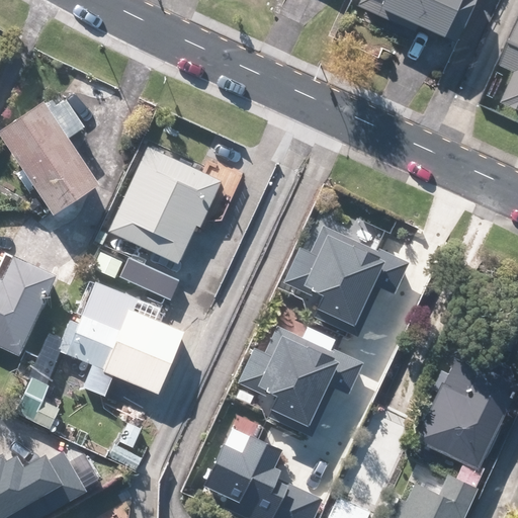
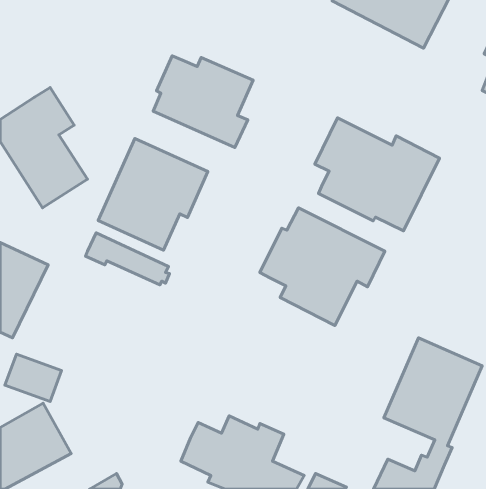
building: none -> [153,56,253,148]
building: none -> [315,118,440,231]
building: [58,282,183,400] -> none
building: [236,325,363,435] -> none

